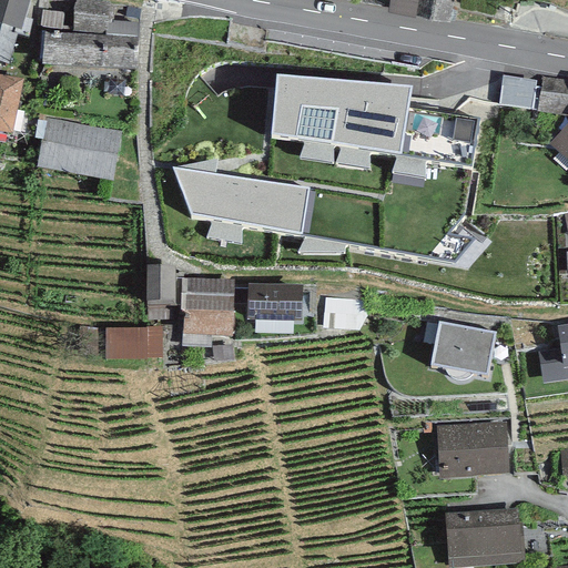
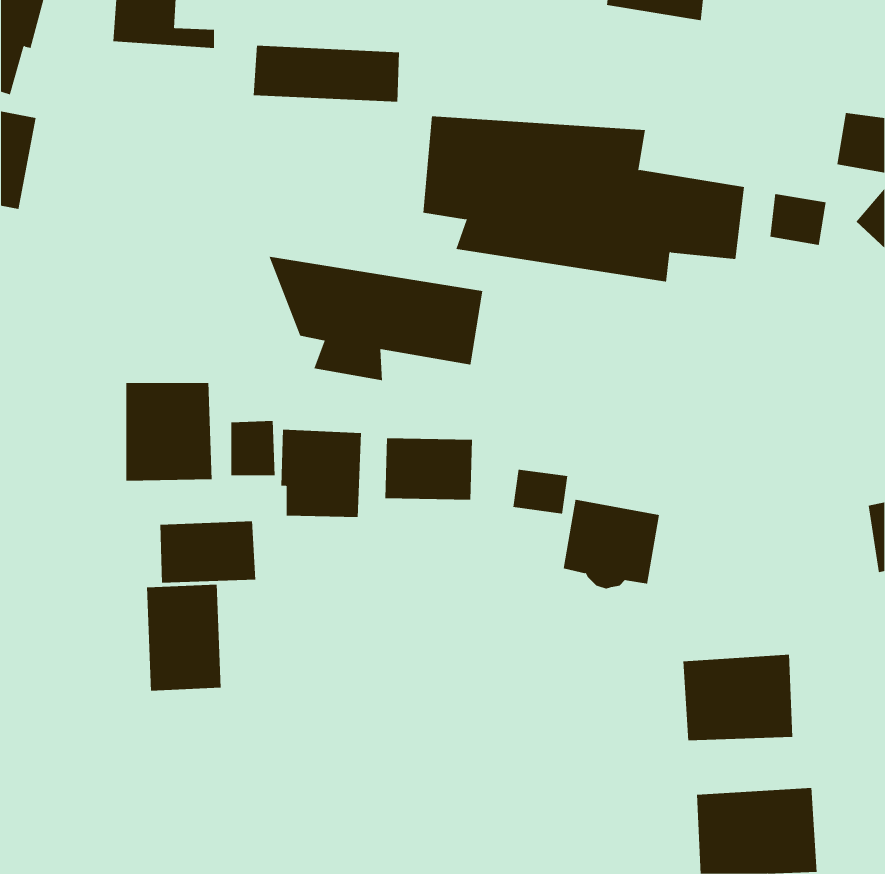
building: [43,30,138,67] -> [253,45,400,102]
building: [499,72,536,105] -> [769,194,827,245]
building: [38,113,123,179] -> none
building: none -> [126,382,212,481]
building: [432,321,494,378] -> [563,499,660,589]
building: none -> [147,584,221,692]

